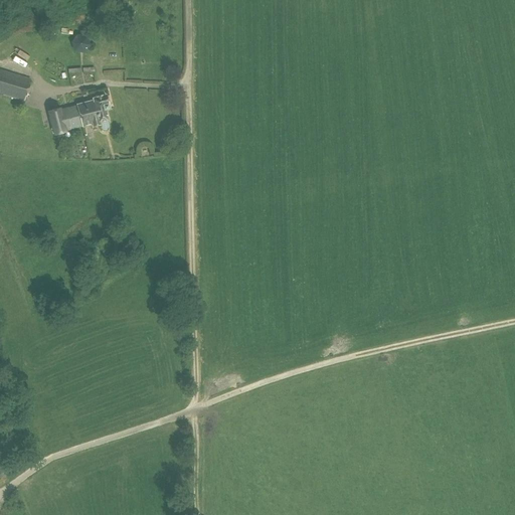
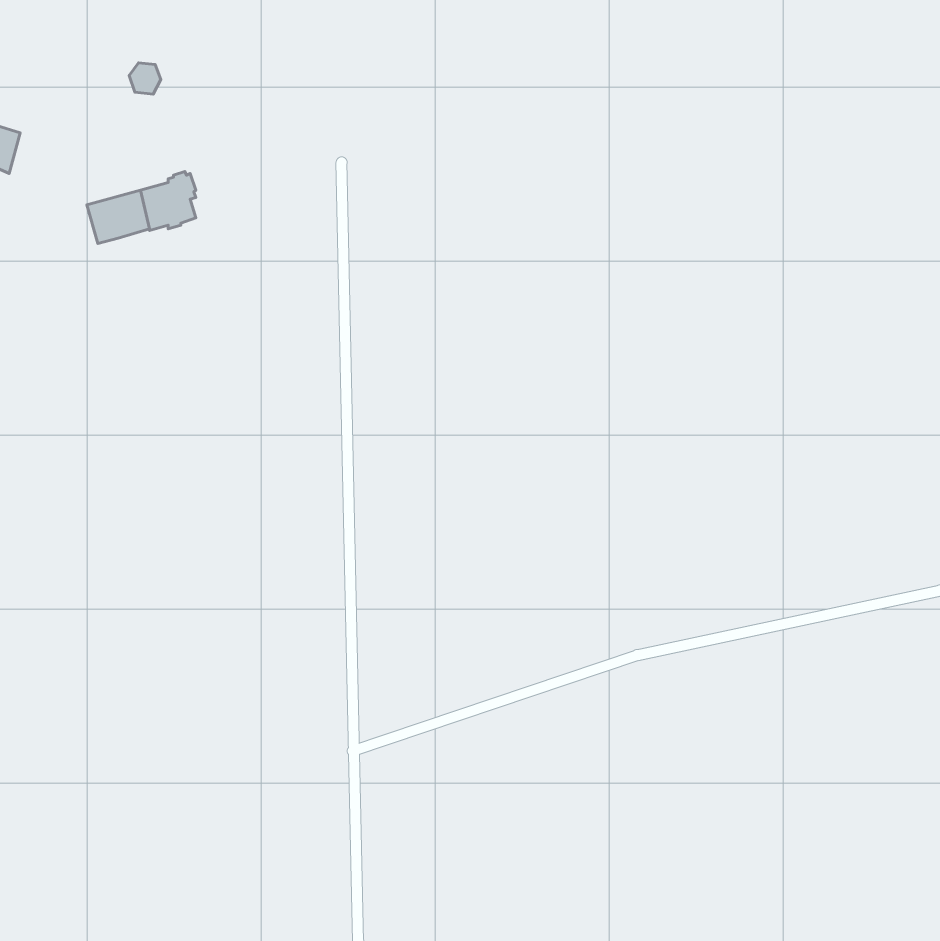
building: [5,72,28,99] -> none

